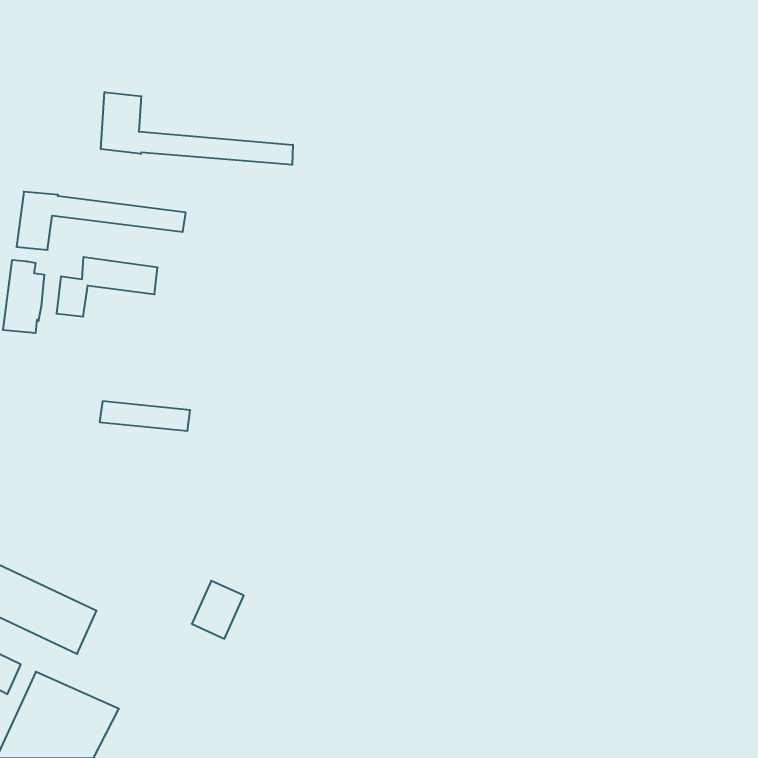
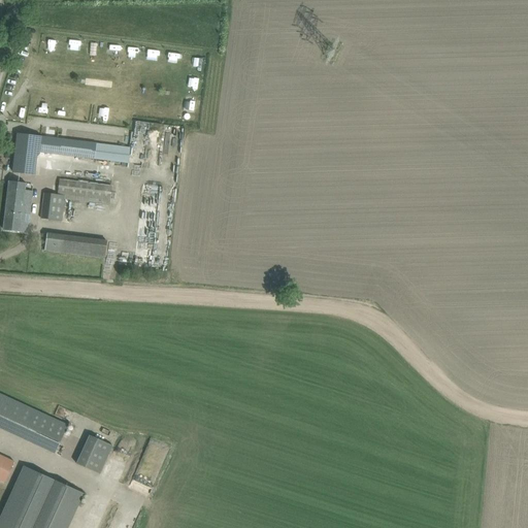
building: [101,92,293,165] -> none
building: [100,401,190,431] -> [46,235,109,256]
building: [192,581,244,639] -> [78,432,114,472]

